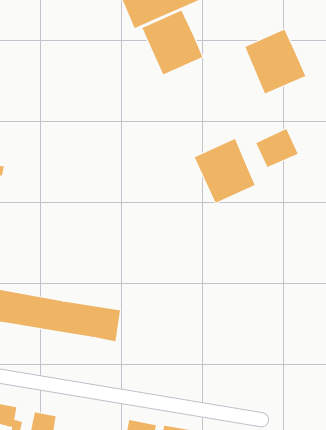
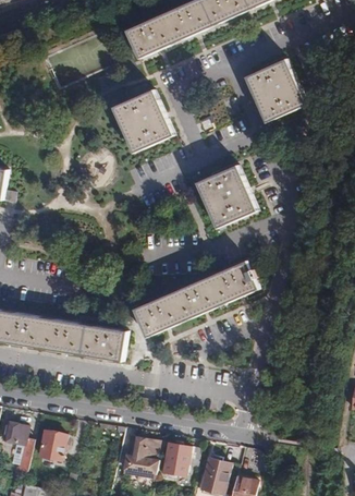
building: [141,10,203,75] -> [114,89,174,153]
building: [256,128,298,168] -> none
building: none -> [135,259,259,338]

